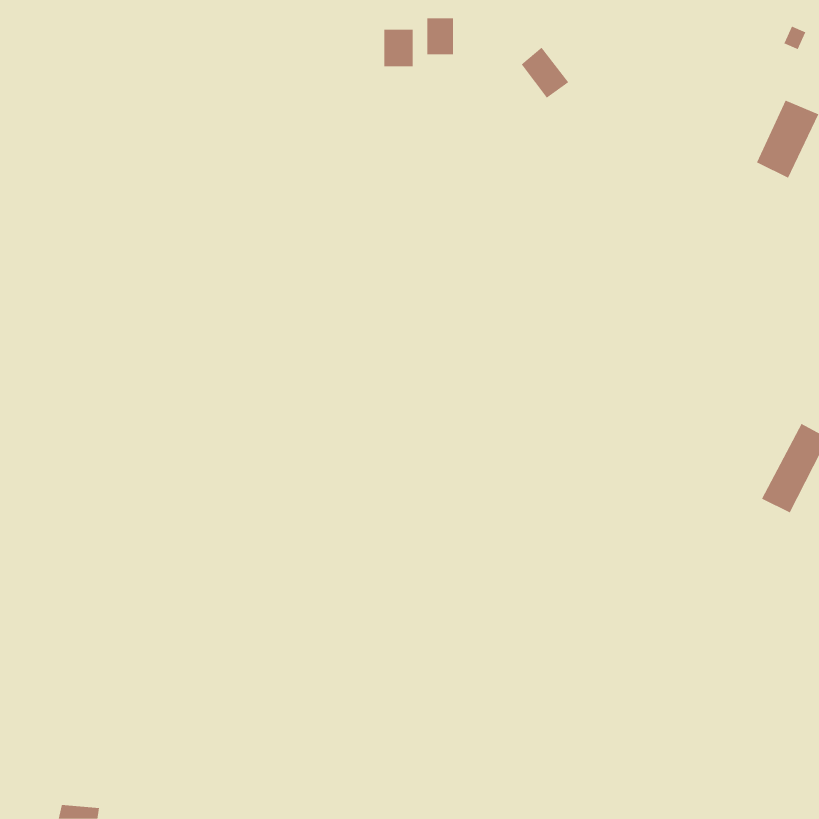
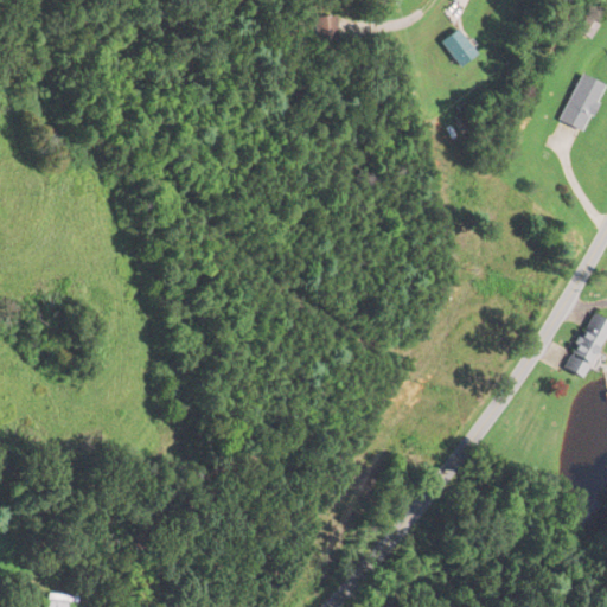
building: [384,29,413,67] -> none
building: [521,47,569,98] -> [442,27,478,65]

